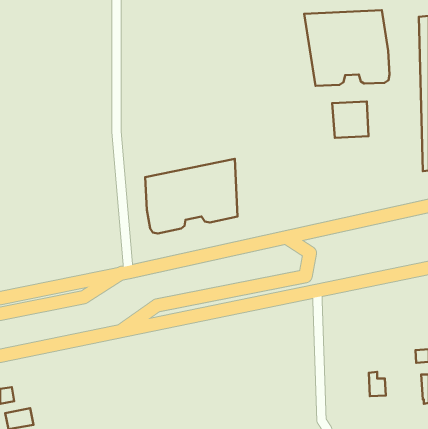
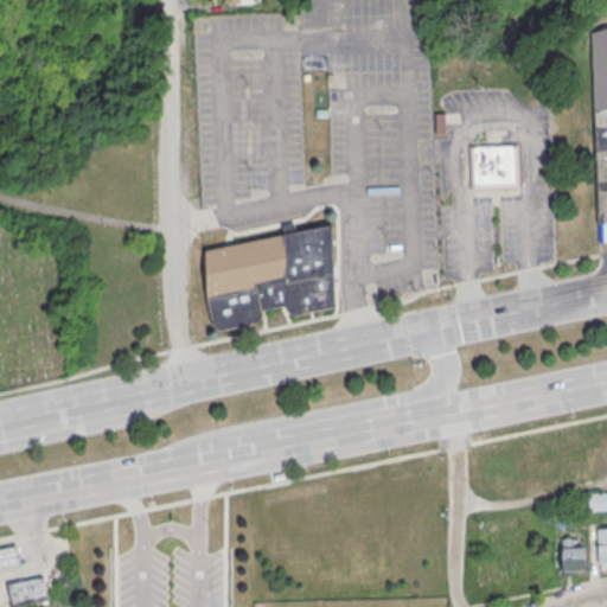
building: [304,10,390,86] -> none
building: [369,372,386,396] -> [561,538,584,573]

